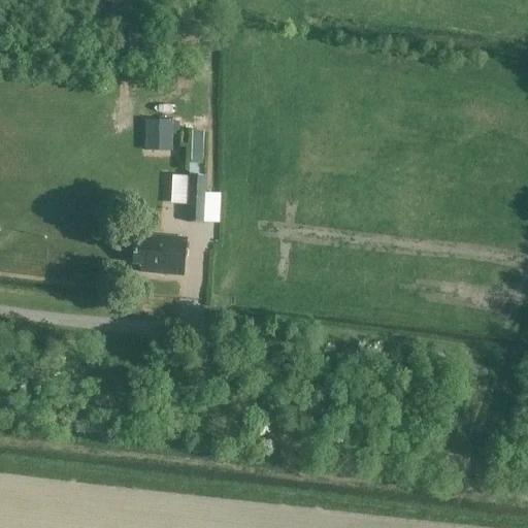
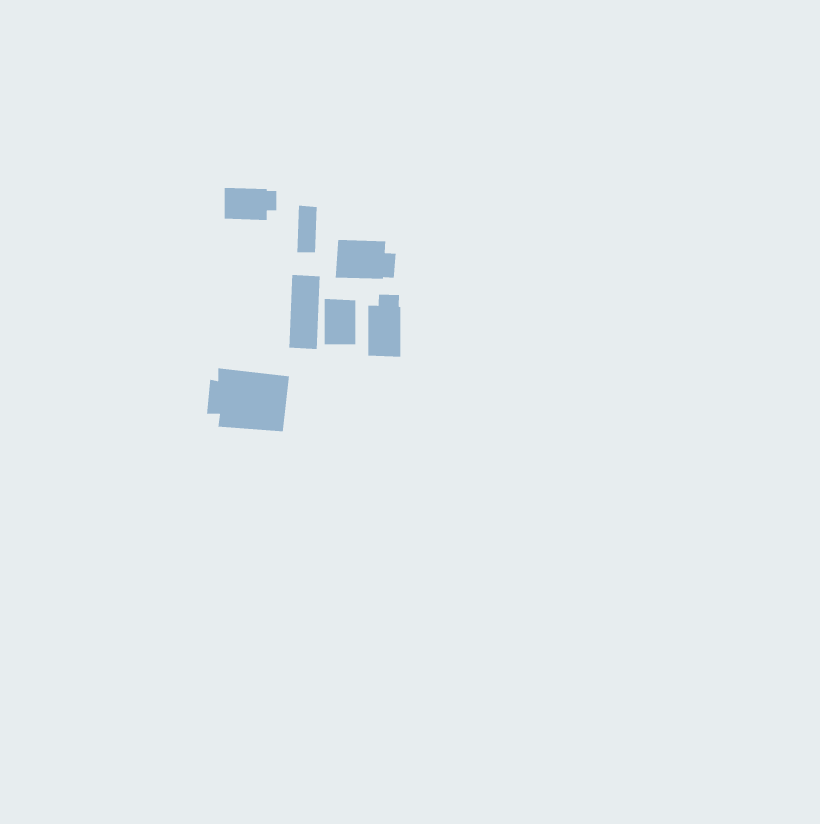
building: none -> [335,239,396,280]
building: none -> [368,294,401,358]

